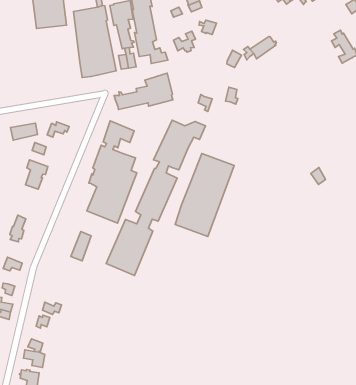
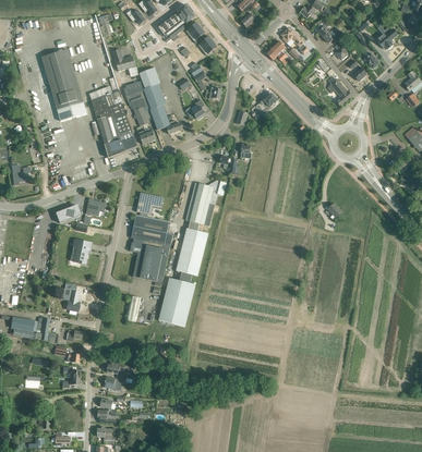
building: [114,73,173,110] -> none
building: [175,153,234,237] -> none

